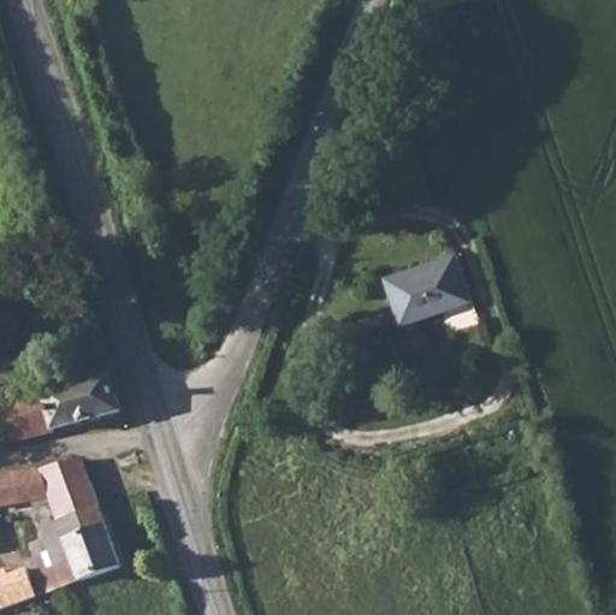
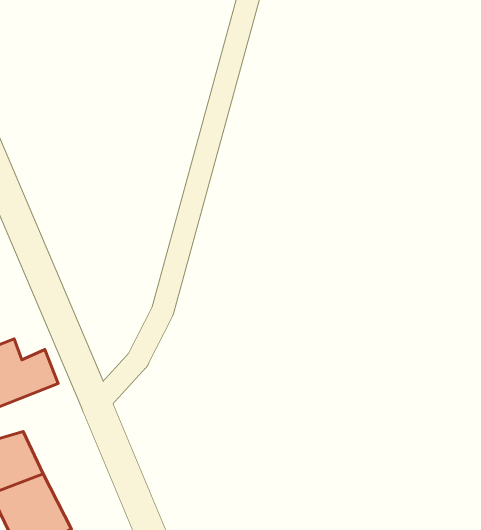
building: [384,253,467,320] -> none

